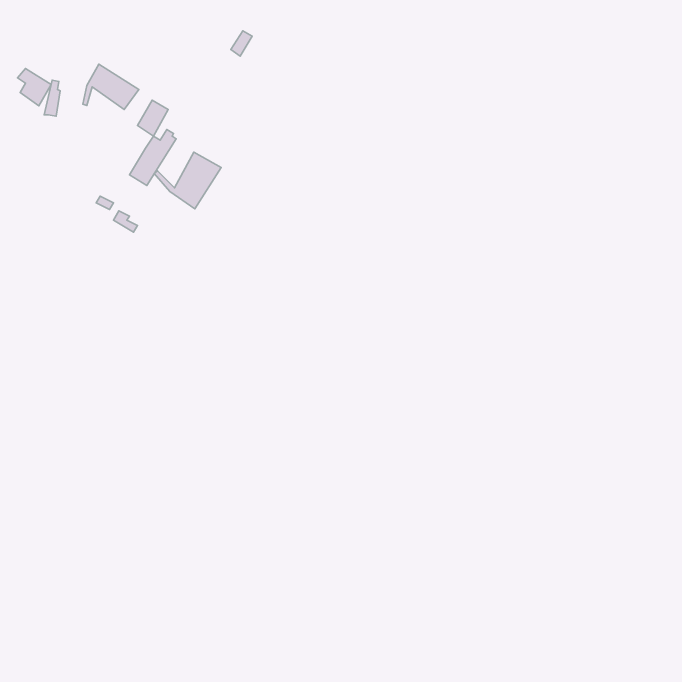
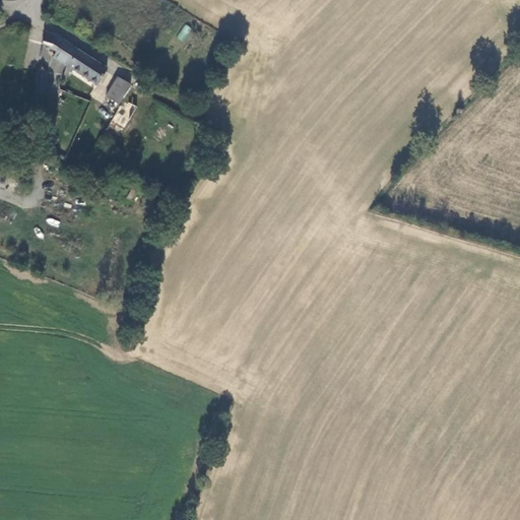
building: [18,69,51,106] -> [50,37,75,65]
building: [154,152,221,209] -> none

